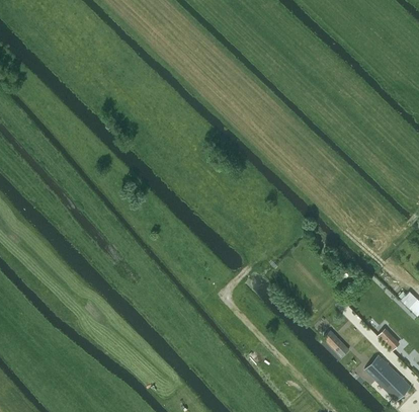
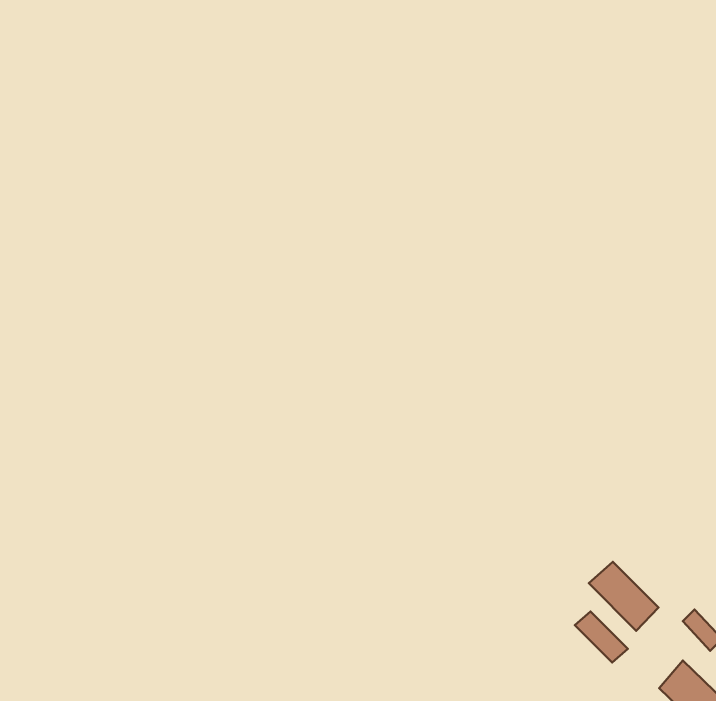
building: none -> [589,562,659,631]

